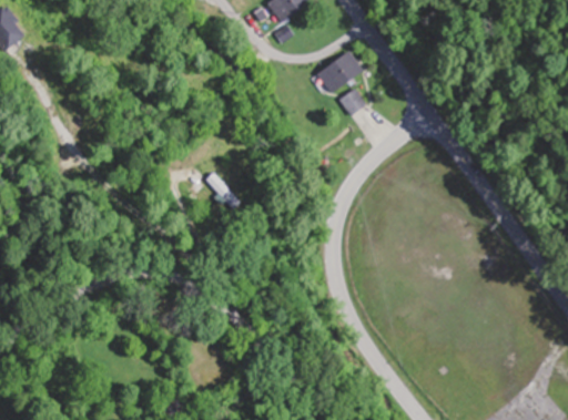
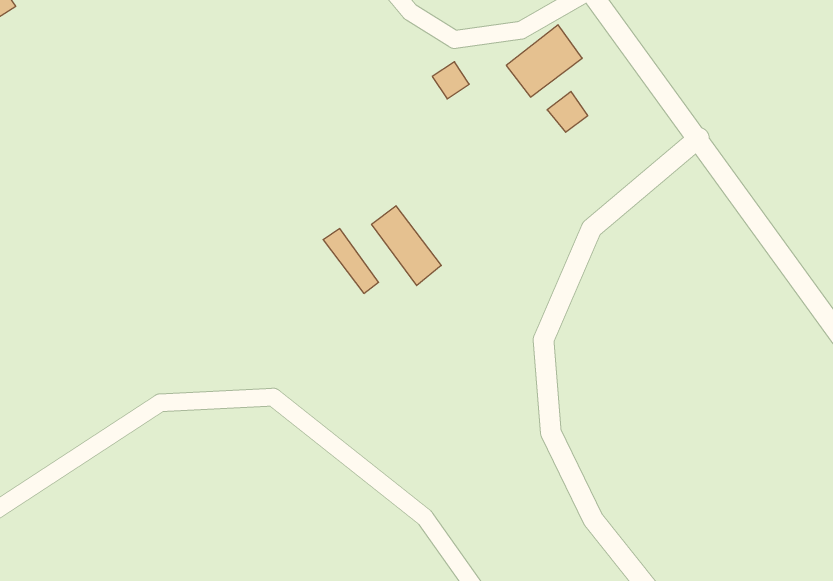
building: none -> [372,206,441,286]

